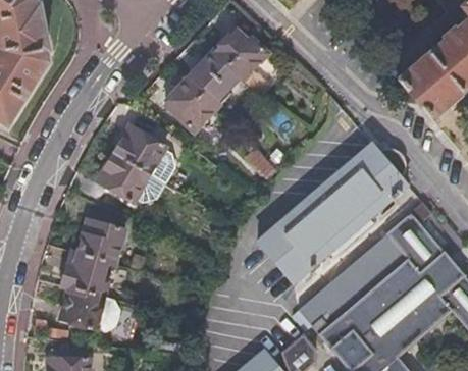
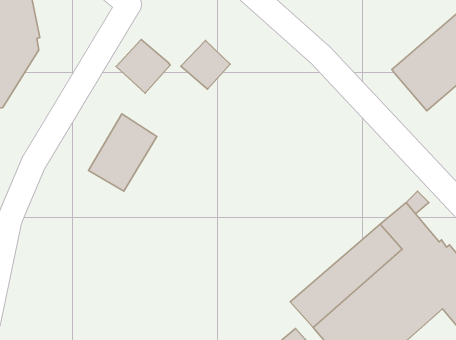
building: [214,28,267,77] -> none
building: [165,76,218,129] -> [116,40,170,93]
building: [259,142,410,284] -> none
building: [62,216,126,329] -> none

